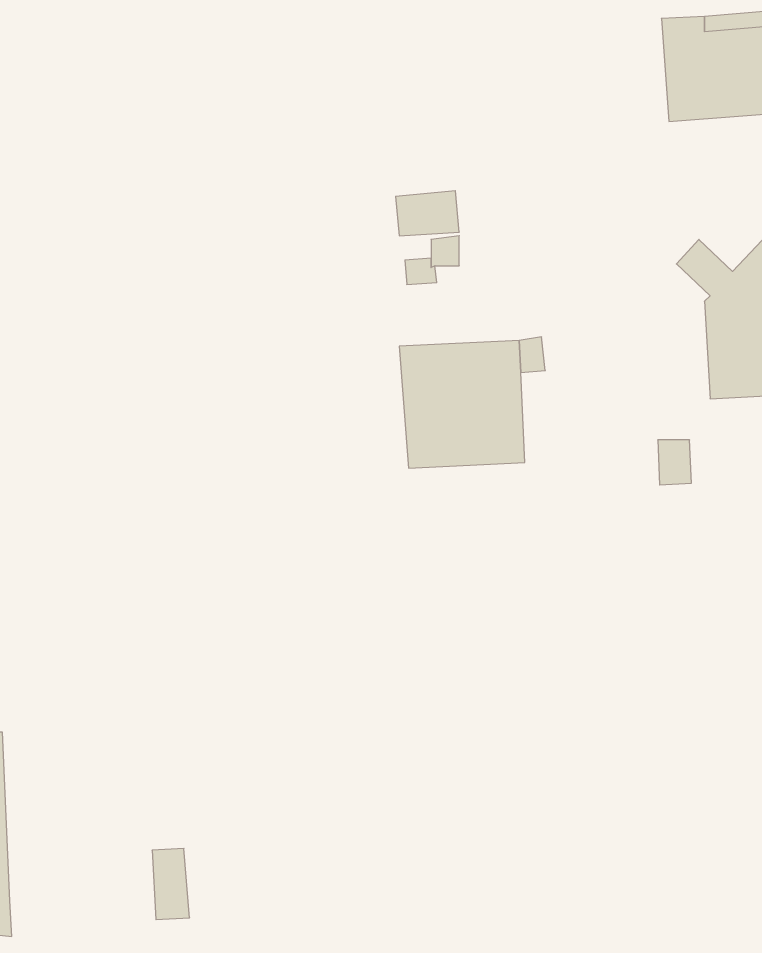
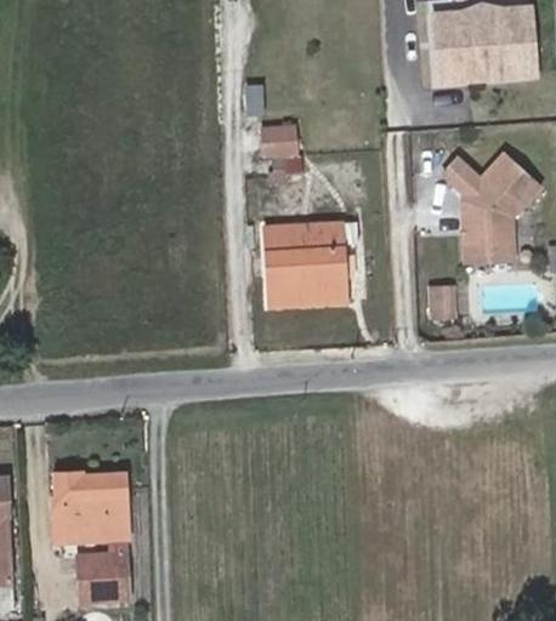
building: none -> [51,472,127,541]
building: none -> [76,553,106,599]

